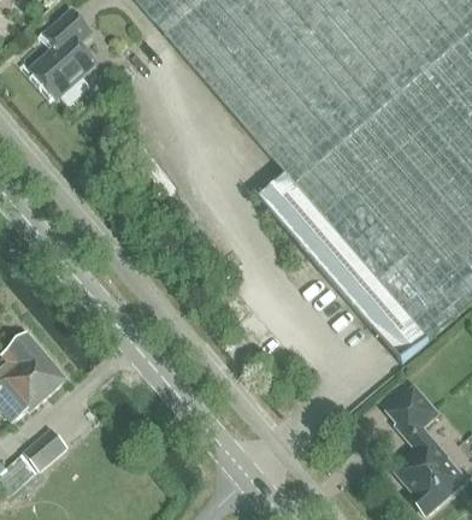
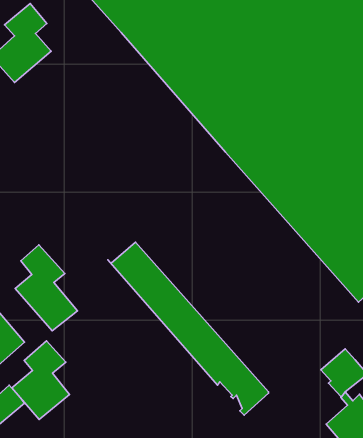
building: [255,171,430,359] -> [108,242,269,415]
building: none -> [15,245,77,331]
building: none -> [12,341,70,419]

